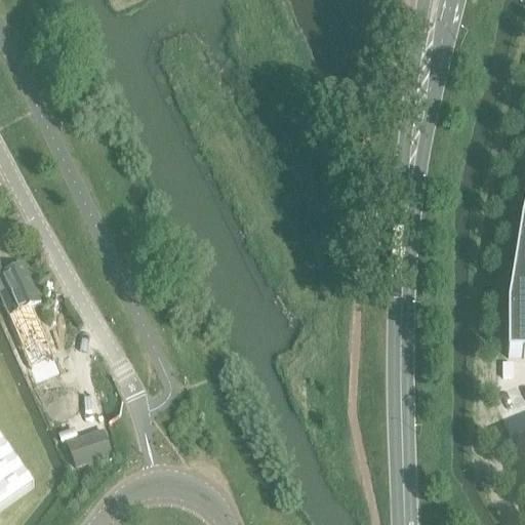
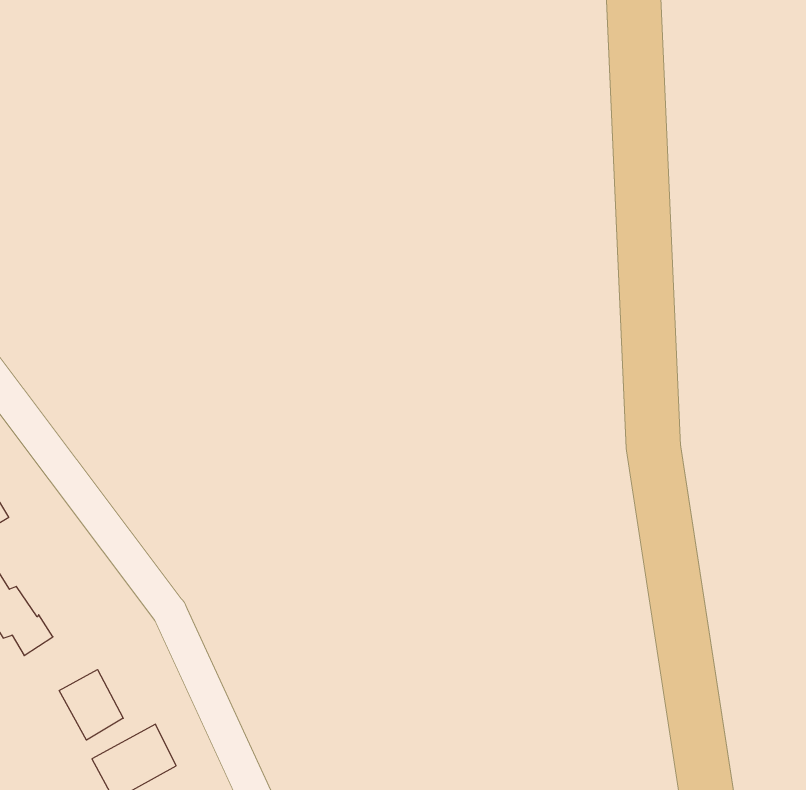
building: none -> [59,670,123,740]

